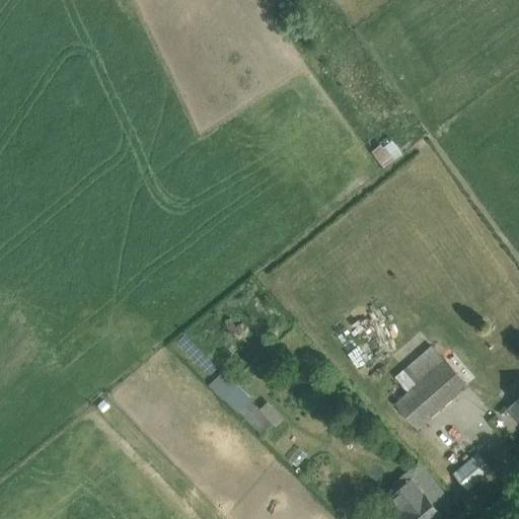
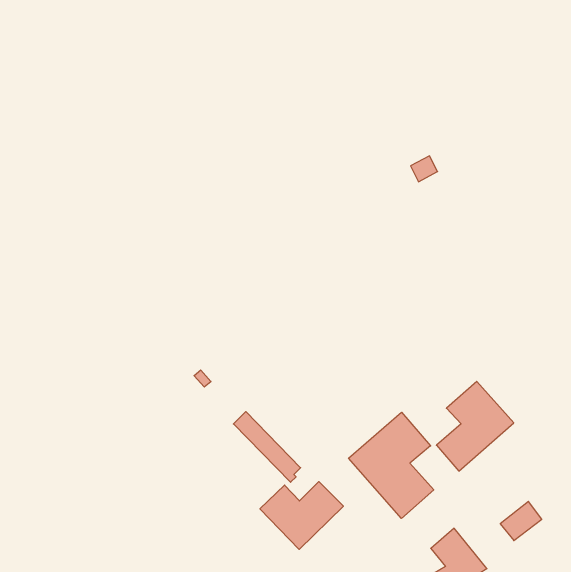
building: none -> [349,412,434,518]
building: none -> [260,482,343,549]

